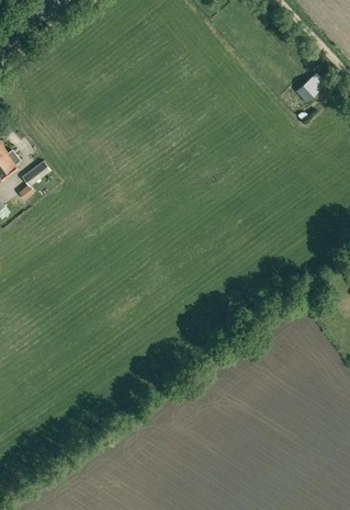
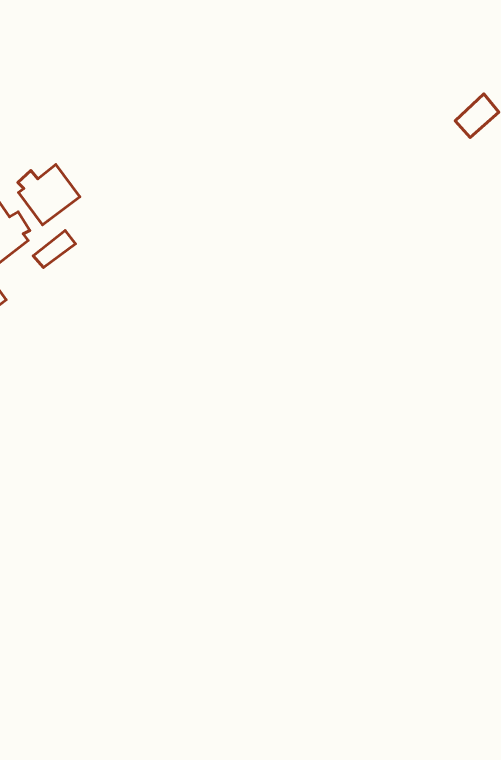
building: none -> [18,164,80,225]

